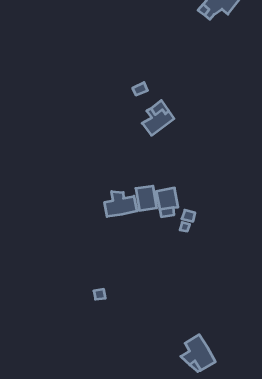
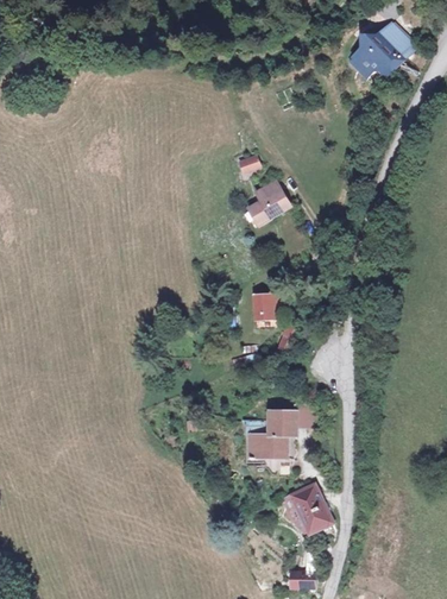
building: [105,191,137,217] -> none
building: none -> [248,410,309,464]

